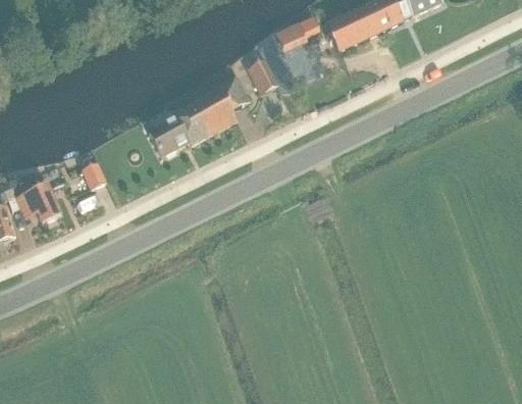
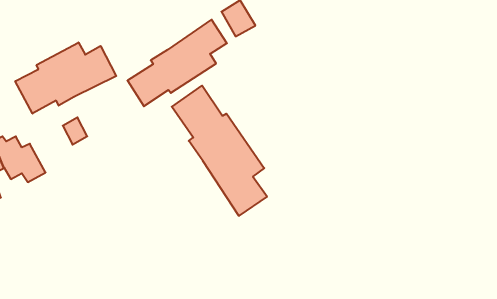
building: none -> [15,42,116,114]
building: none -> [172,86,267,216]

